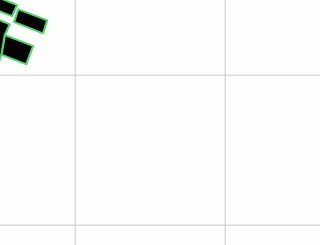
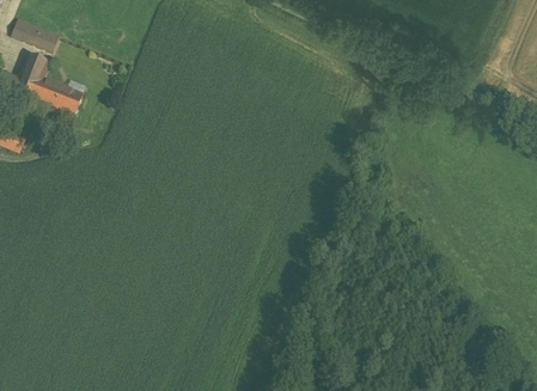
building: [14,9,47,33] -> none

